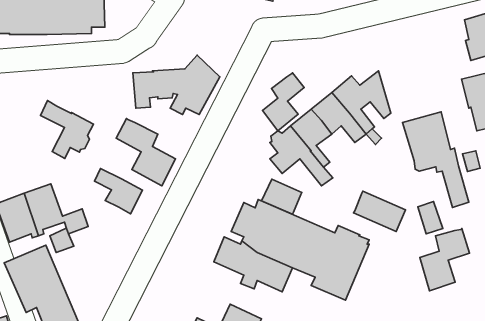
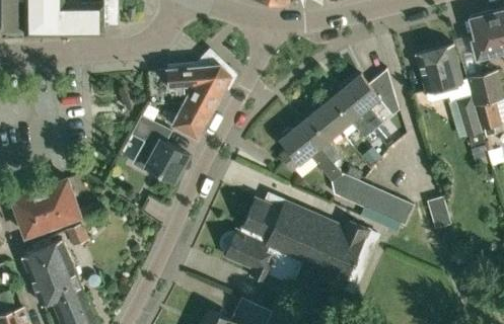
building: [262,73,304,131] -> none
building: [40,101,94,159] -> none
building: none -> [165,106,212,140]
building: [403,112,469,207] -> [416,45,481,138]
building: [95,168,143,214] -> none
building: [261,179,302,214] -> [333,174,372,209]
building: [420,229,469,291] -> none

